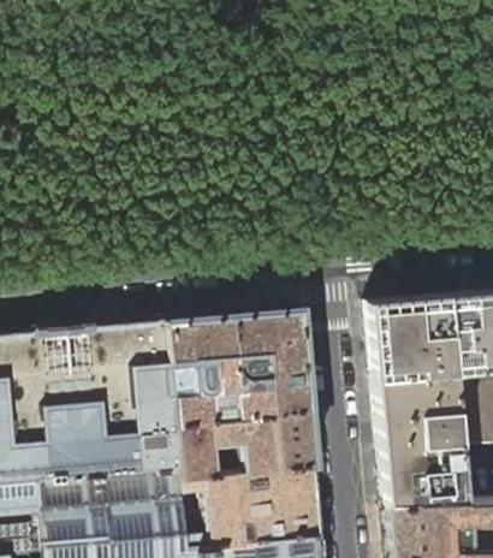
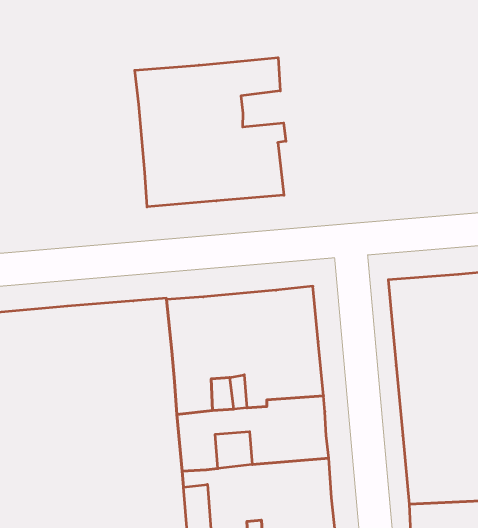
building: none -> [135,58,286,207]

